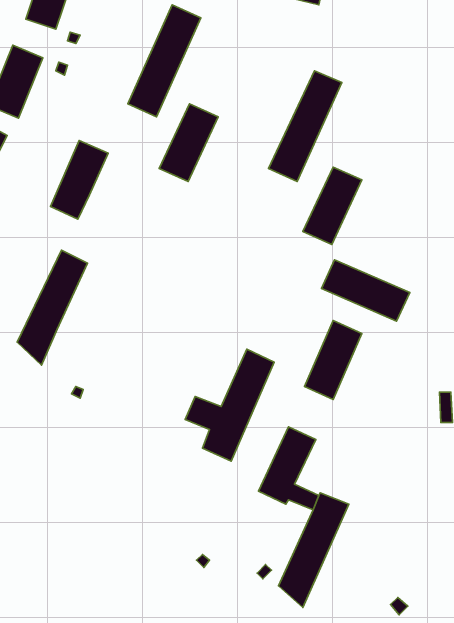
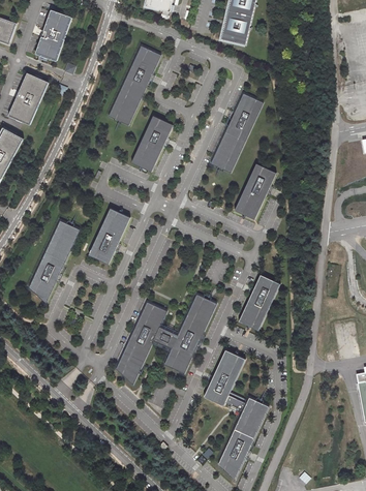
building: [51,140,108,219] -> [89,208,130,265]
building: [322,260,410,321] -> none
building: none -> [114,301,164,385]

